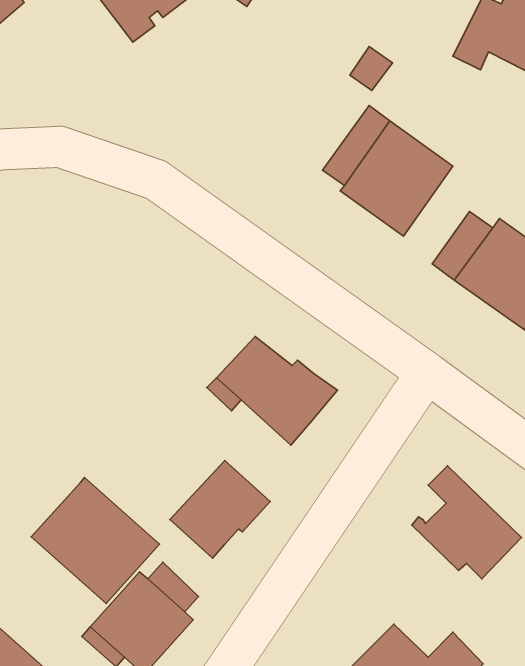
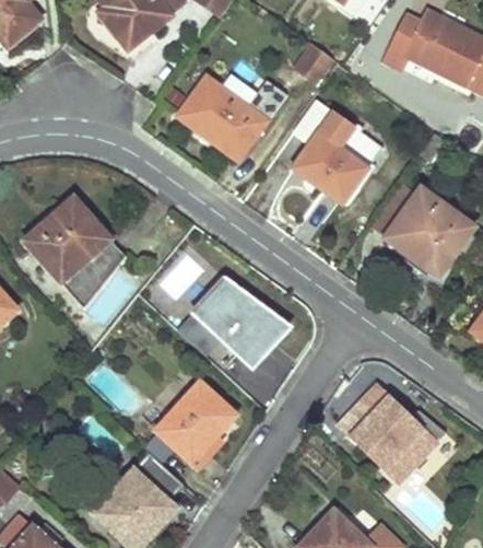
building: none -> [177,74,284,159]
building: none -> [26,203,125,306]
building: [31,478,160,604] -> none

